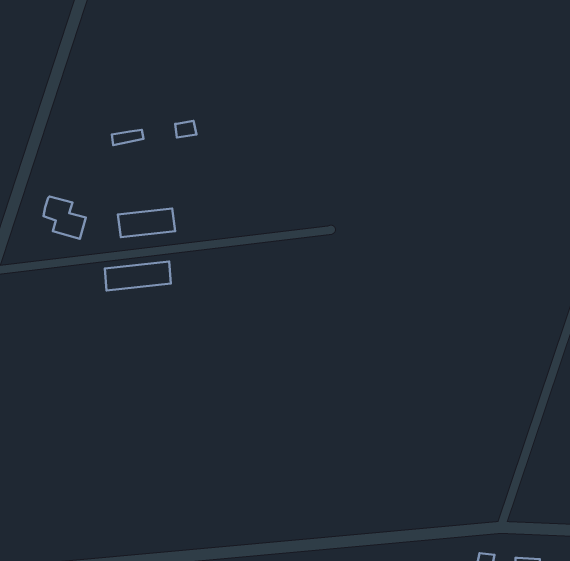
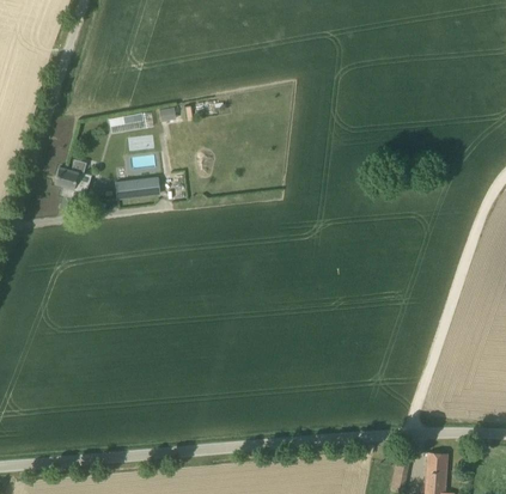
building: [105,261,171,291] -> none

